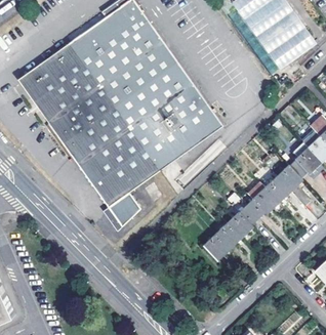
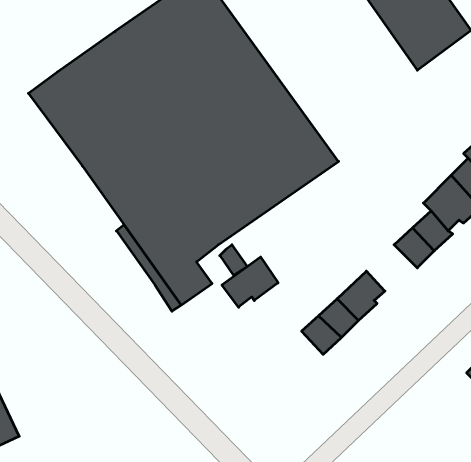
building: [246,179,280,216] -> none
building: none -> [222,257,278,307]

